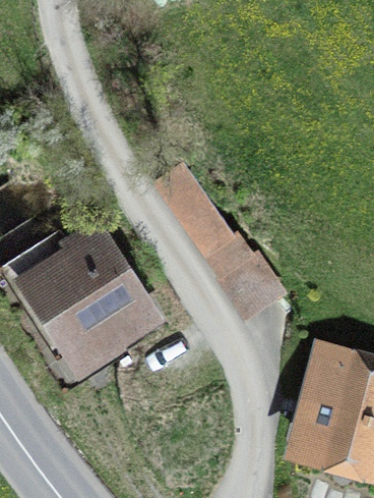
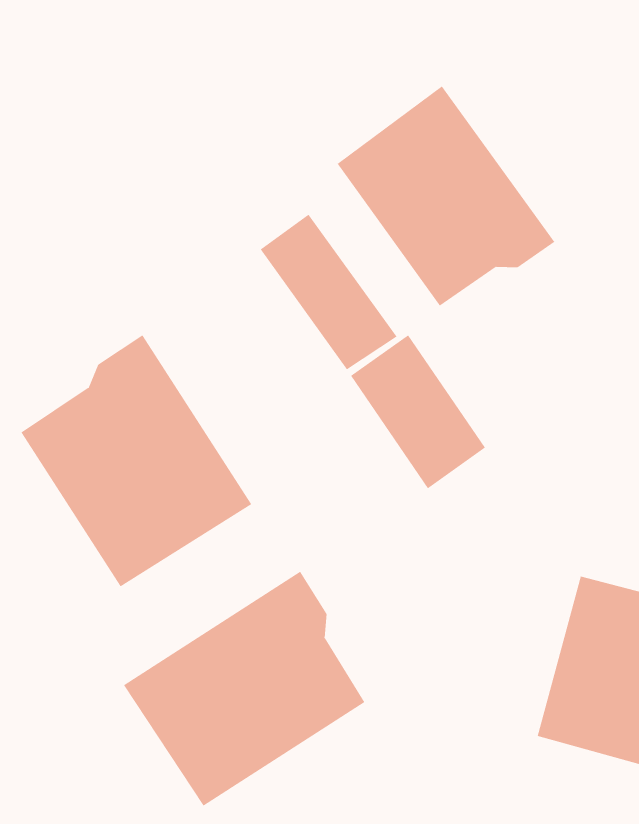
building: none -> [337,85,555,307]
building: none -> [123,571,365,806]

